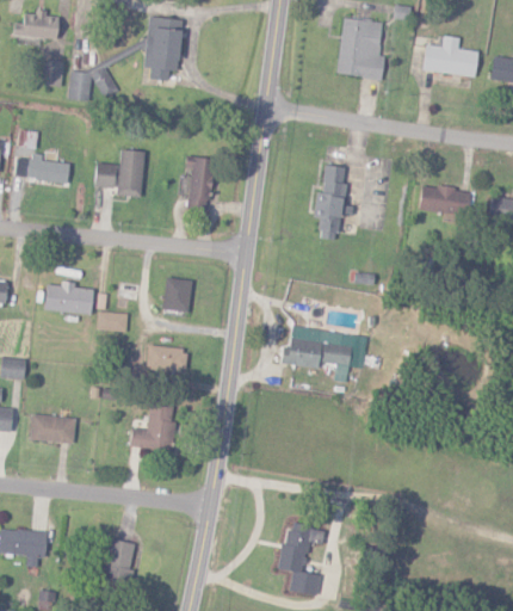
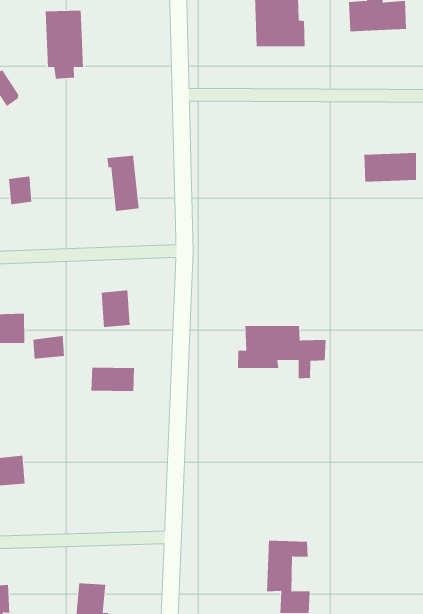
building: [118,149,143,196] -> none
building: [314,165,347,241] -> none
building: [130,401,177,452] -> none

